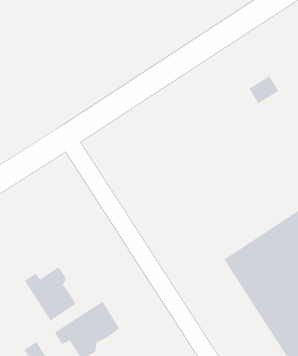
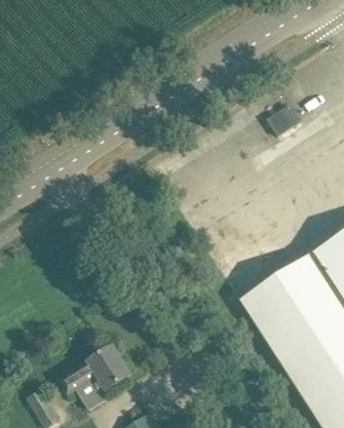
building: [24,267,76,322] -> none

